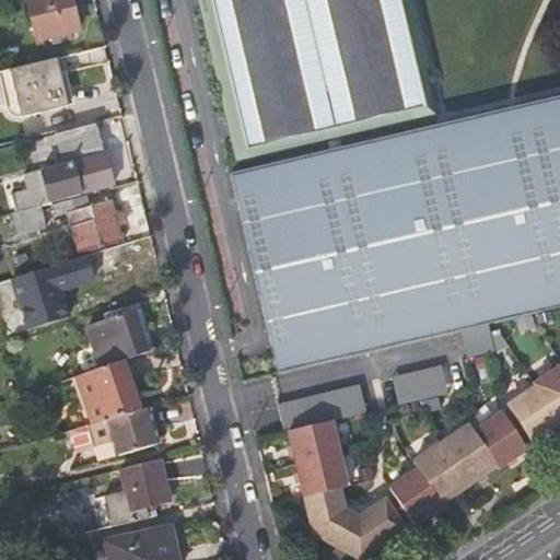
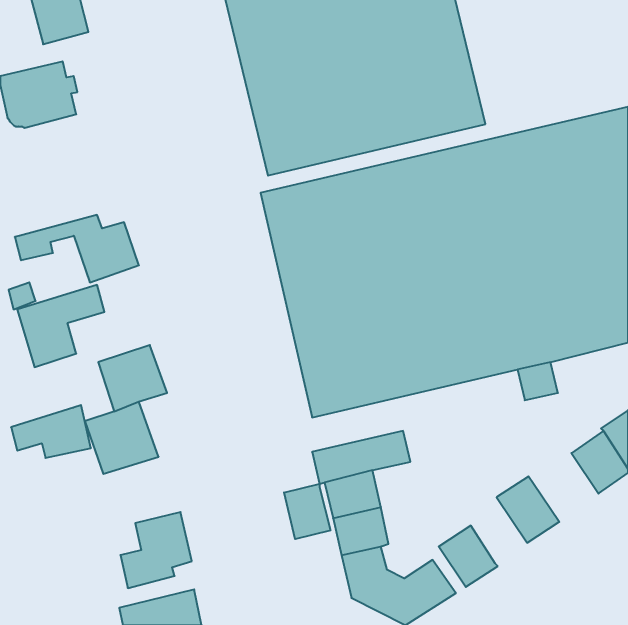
building: [9,124,115,210] -> none
building: [390,363,447,404] -> none
building: [85,405,156,452] -> [11,405,91,458]
building: [475,411,527,467] -> none
building: none -> [284,484,330,539]
building: [413,443,469,502] -> none

